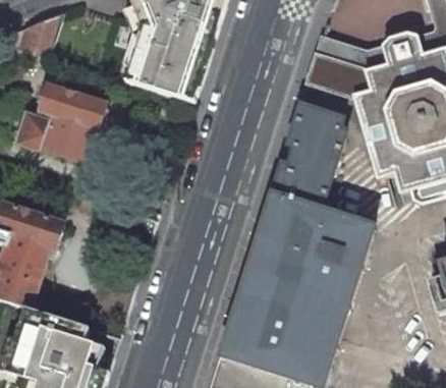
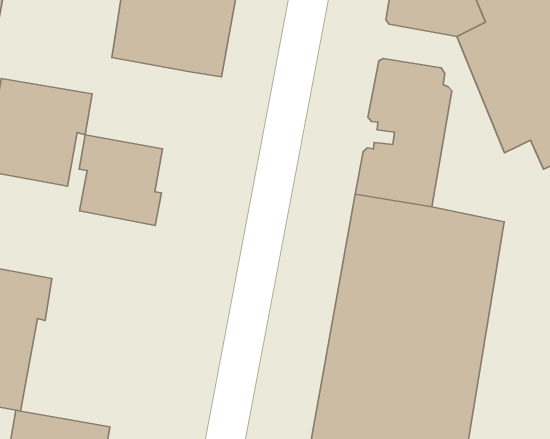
building: none -> [79,135,163,225]

